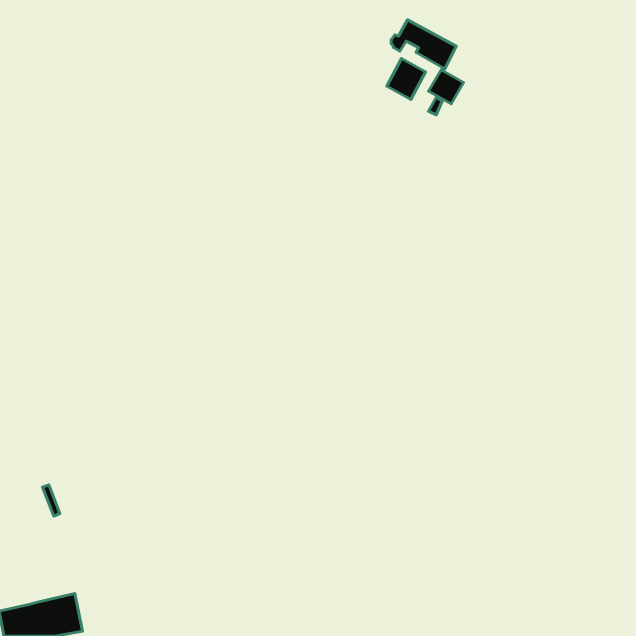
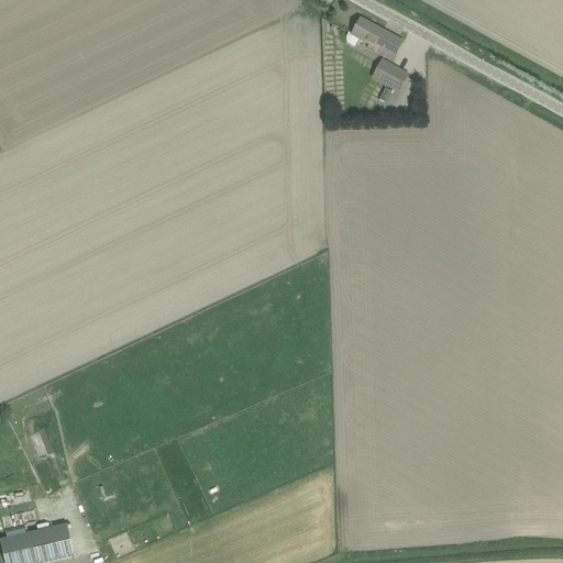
building: [387,59,426,100] -> none

